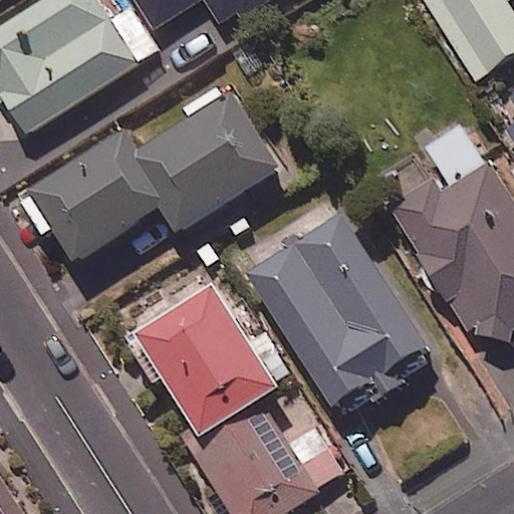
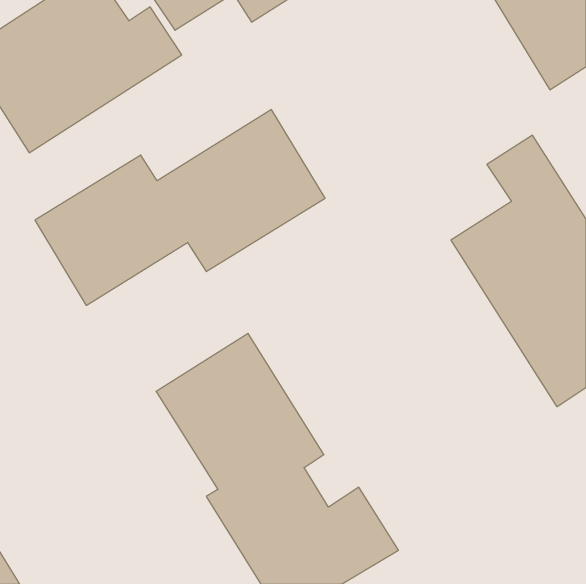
building: [248,214,429,410] -> none

